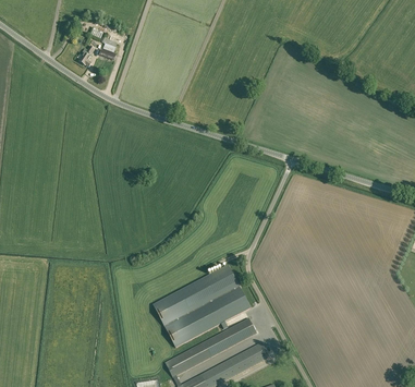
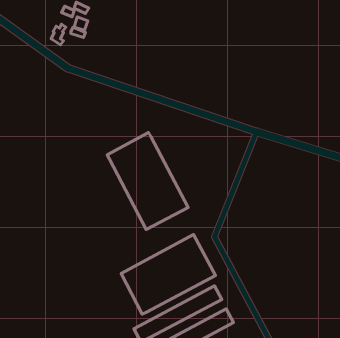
building: none -> [107,132,188,229]

